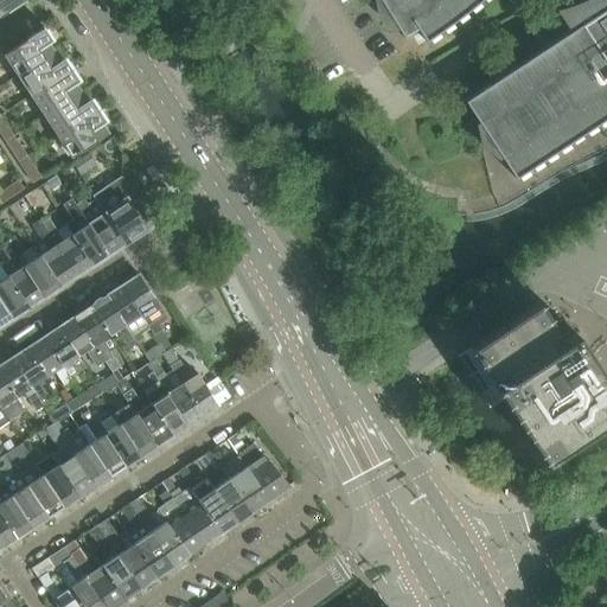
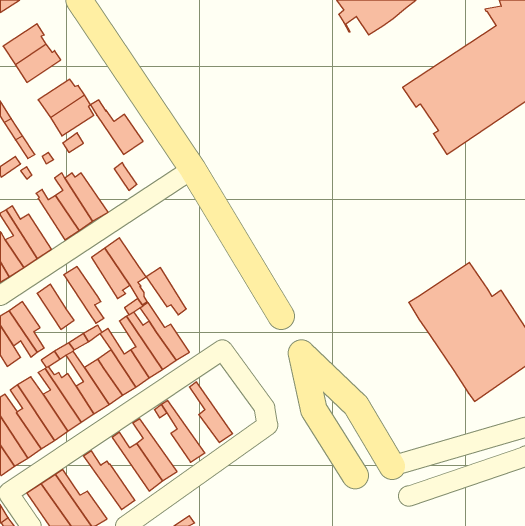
building: [32,69,82,115] -> none
building: [88,181,148,244] -> [91,100,143,154]
building: [32,219,76,287] -> none
building: [90,296,136,351] -> [146,268,186,315]
building: [59,317,104,366] -> none
building: [27,338,71,385] -> none
building: [228,434,289,499] -> none
building: [194,455,254,522] -> none
building: [162,479,221,543] -> none
building: [122,504,173,576] -> none
building: [89,525,141,598] -> none

